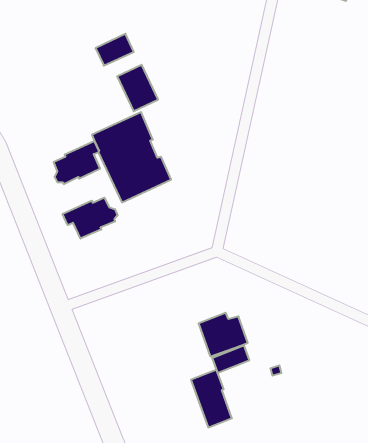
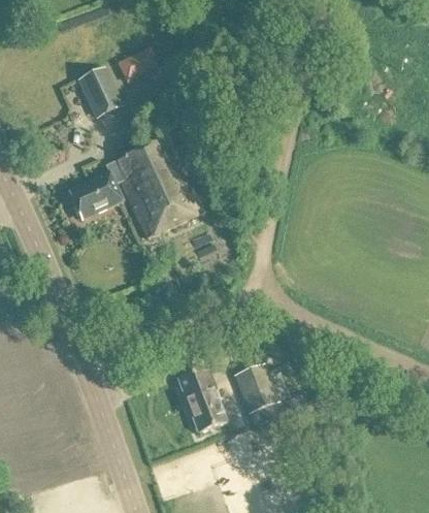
building: [117,65,158,111] -> [76,66,123,119]
building: [63,198,118,239] -> none
building: [191,370,232,427] -> [177,366,224,431]

